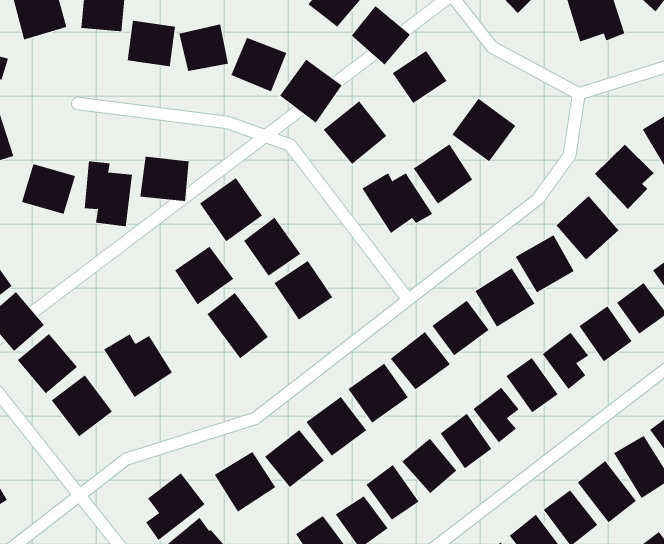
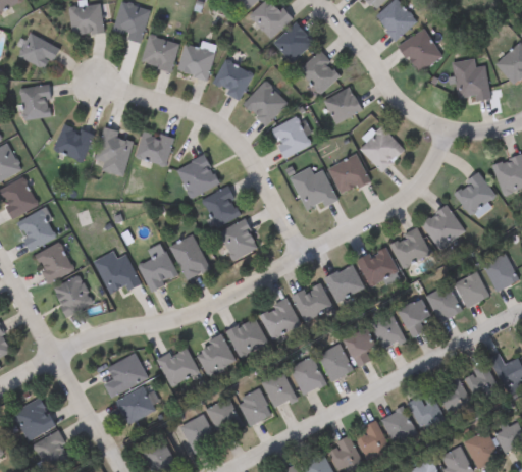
building: [174,246,234,305] -> [139,251,179,291]

